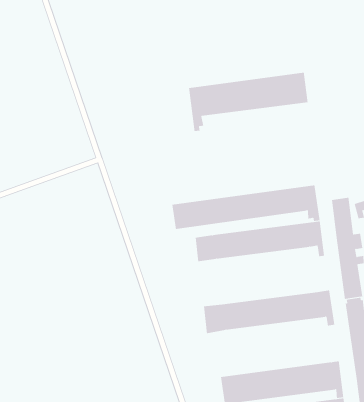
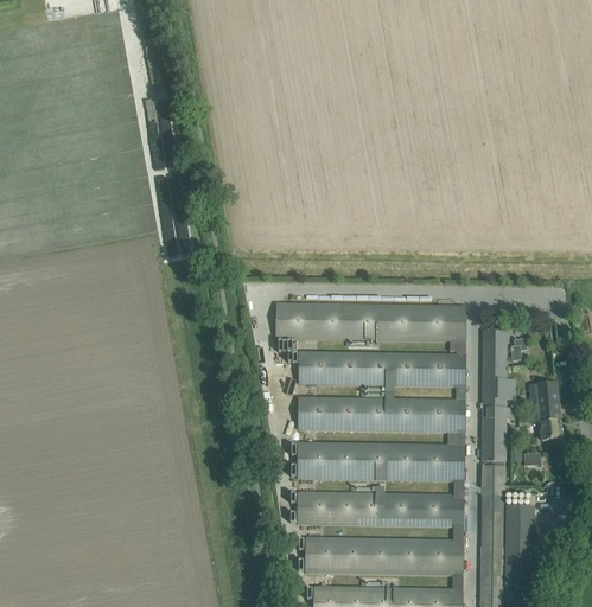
building: [189,72,308,132] -> none
building: none -> [297,397,464,446]
building: none -> [297,490,464,539]

